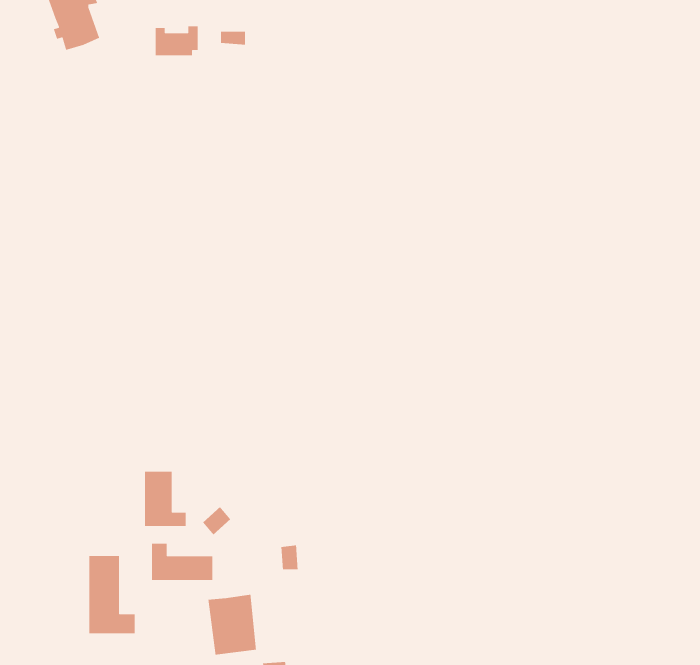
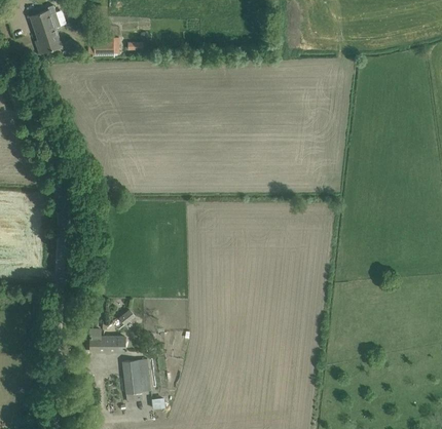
building: [144,471,187,527] -> none
building: [89,555,136,634] -> none

